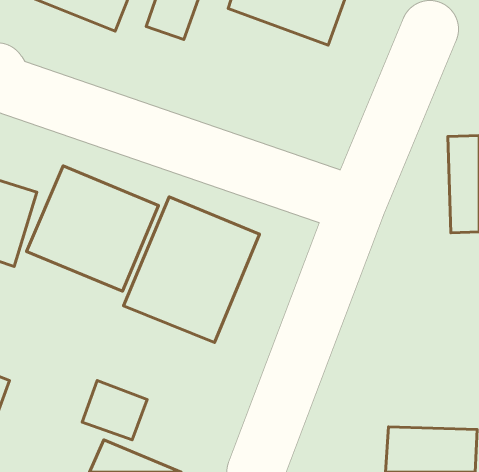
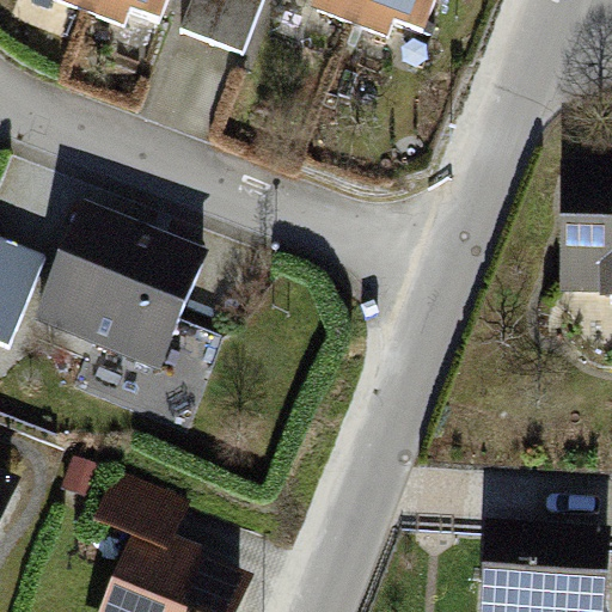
building: [123,197,260,342] -> none

